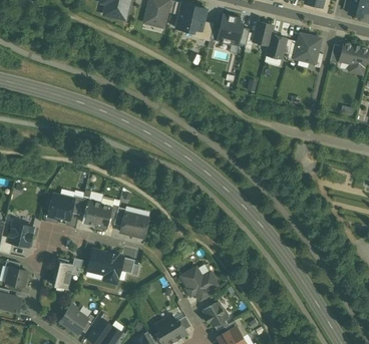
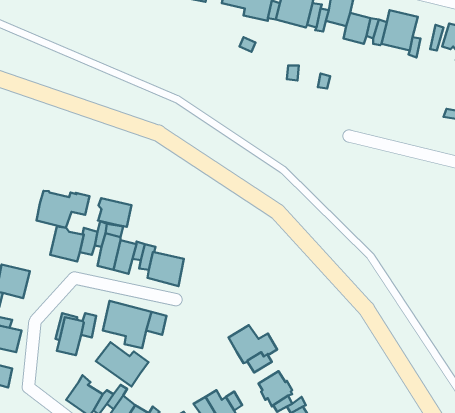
building: none -> [37,191,90,228]
building: none -> [98,198,132,227]
building: none -> [96,342,149,386]

